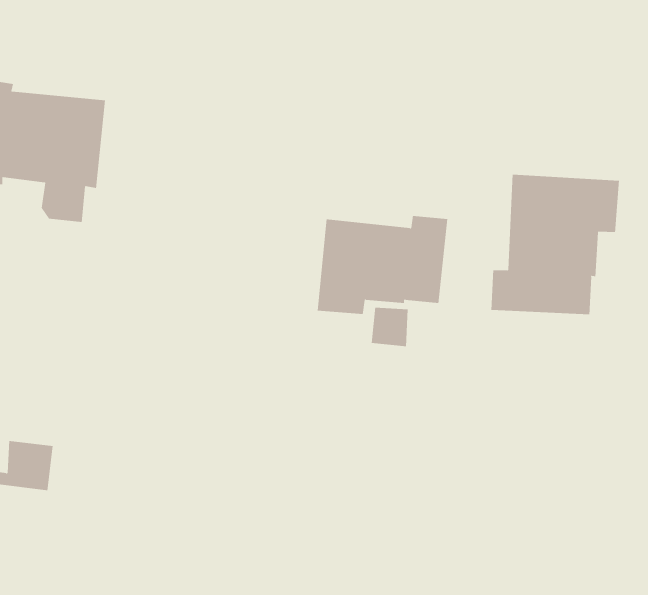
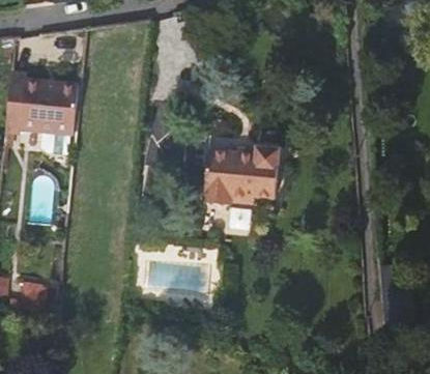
building: [491,174,620,315] -> none

